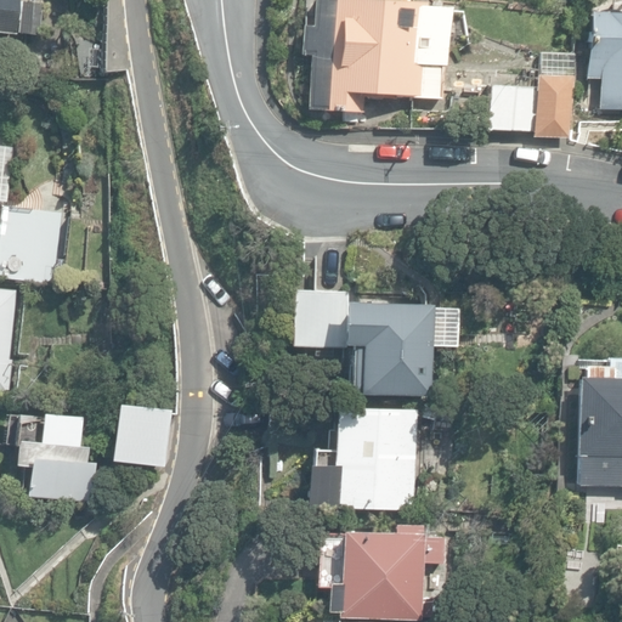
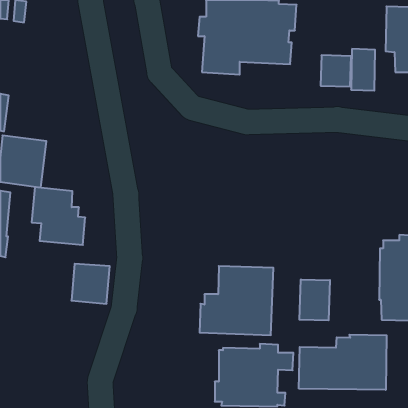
building: [293,292,445,396] -> none
building: [15,411,96,498] -> [32,187,85,245]
building: none -> [299,279,330,320]
building: none -> [299,335,387,390]

